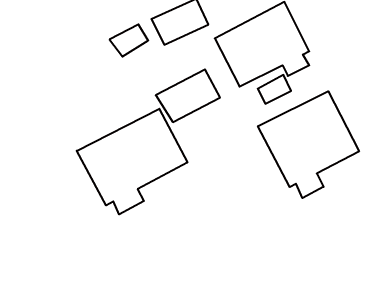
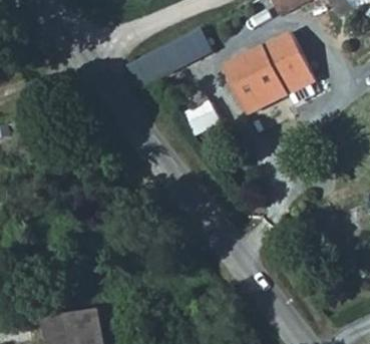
building: [258,91,359,198] -> none
building: [77,109,187,214] -> none

